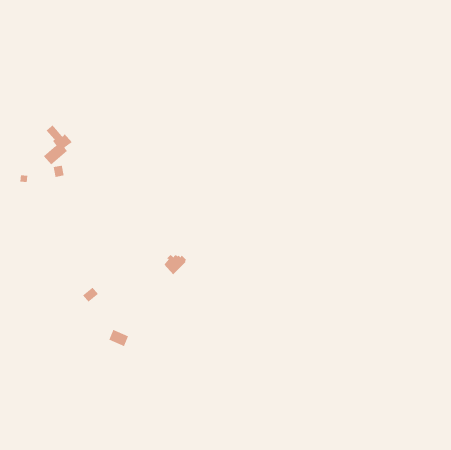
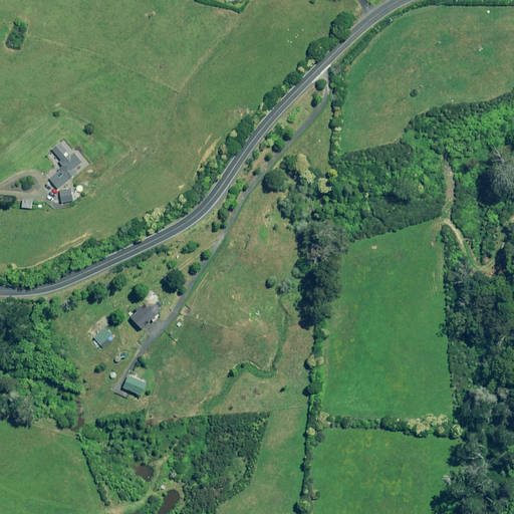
building: [163,254,187,275] -> [132,304,159,328]

